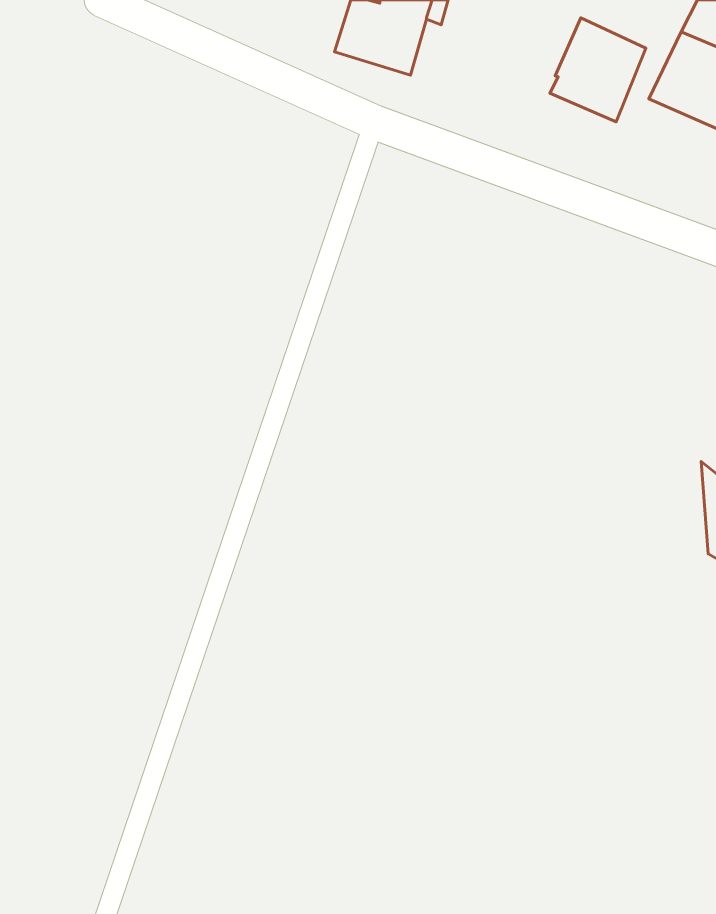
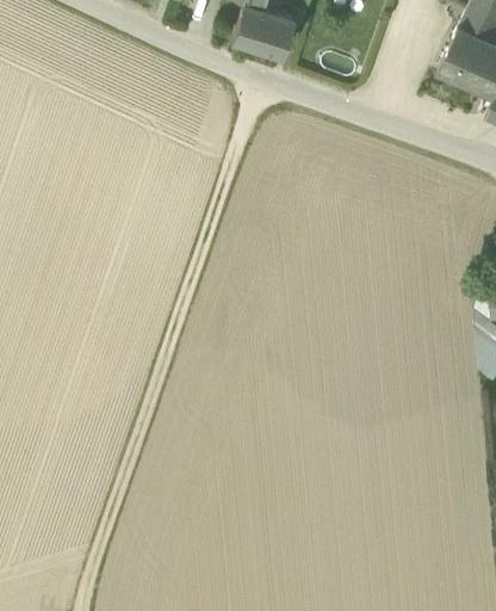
building: [550,18,646,122] -> none

